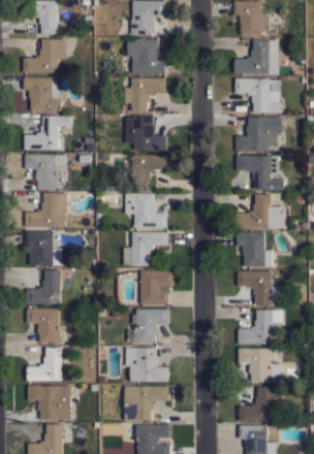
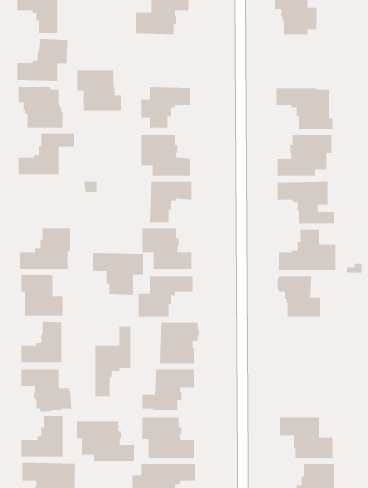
building: [127,39,164,73] -> [76,70,122,111]
building: [233,39,278,73] -> none
building: [24,154,66,189] -> [92,253,144,295]
building: [237,270,279,305] -> none
building: none -> [95,326,131,397]
building: [238,310,281,344] -> none
building: none -> [76,420,135,462]

